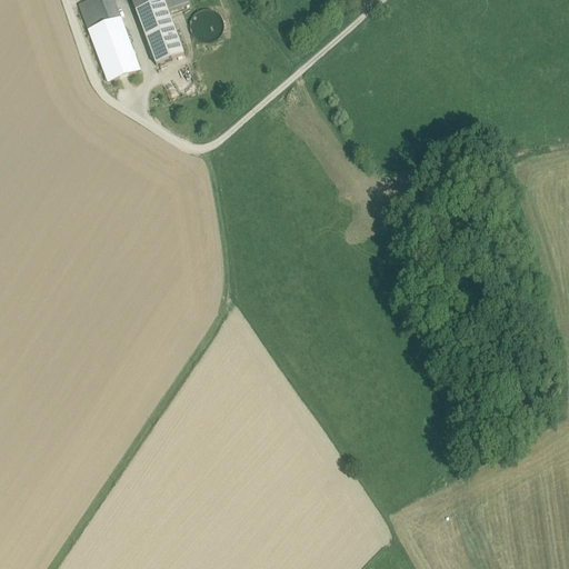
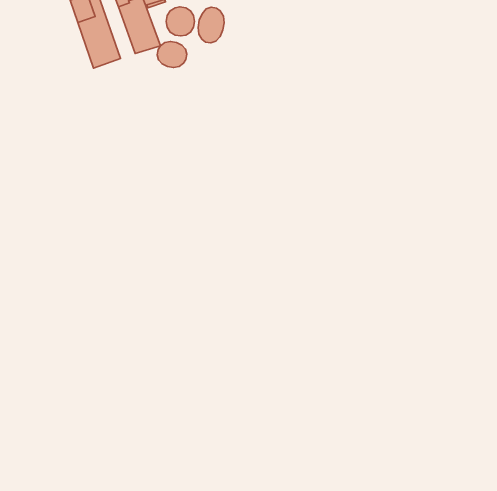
building: none -> [198,7,224,43]
building: none -> [157,42,187,67]

